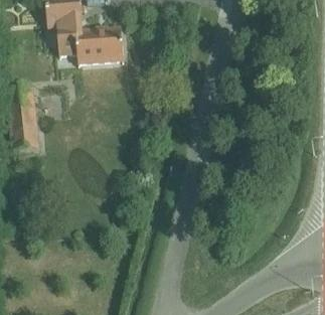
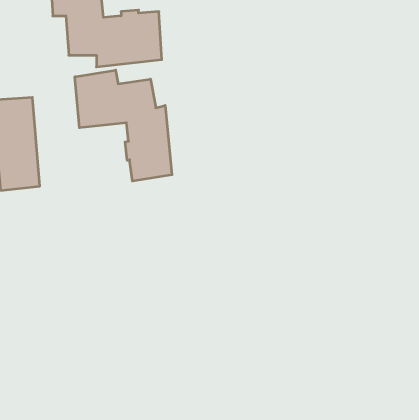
building: none -> [75,70,172,181]

